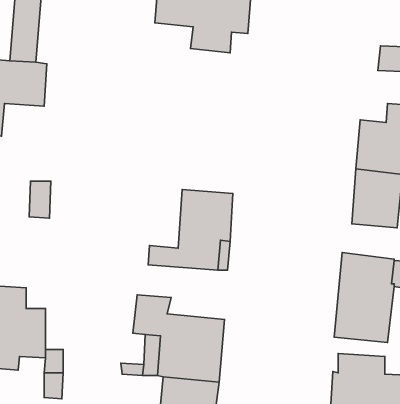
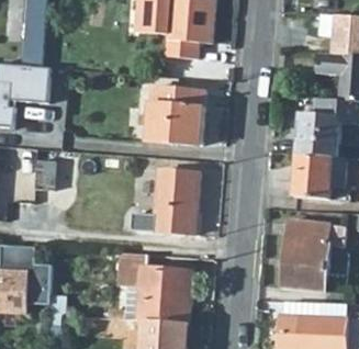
building: none -> [146,88,205,145]

